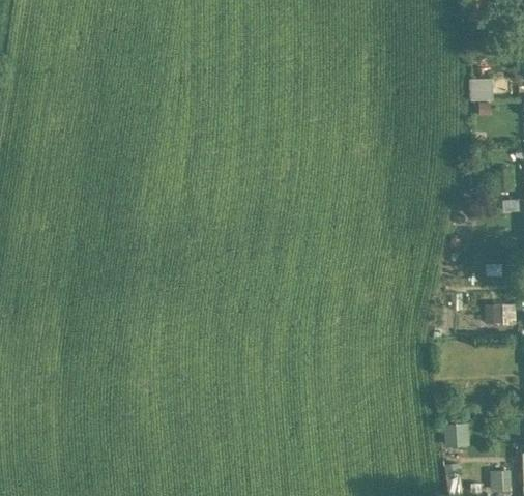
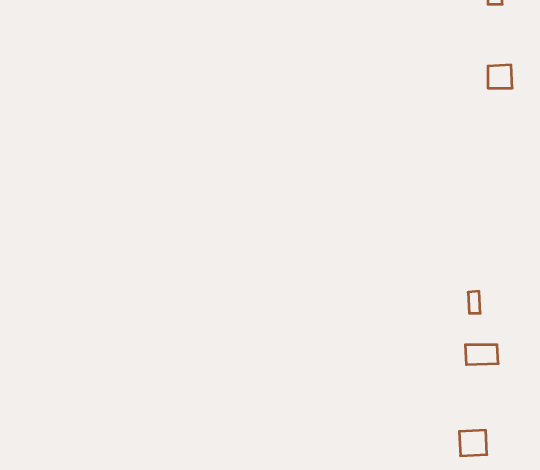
building: [483,304,514,323] -> [465,345,498,365]

